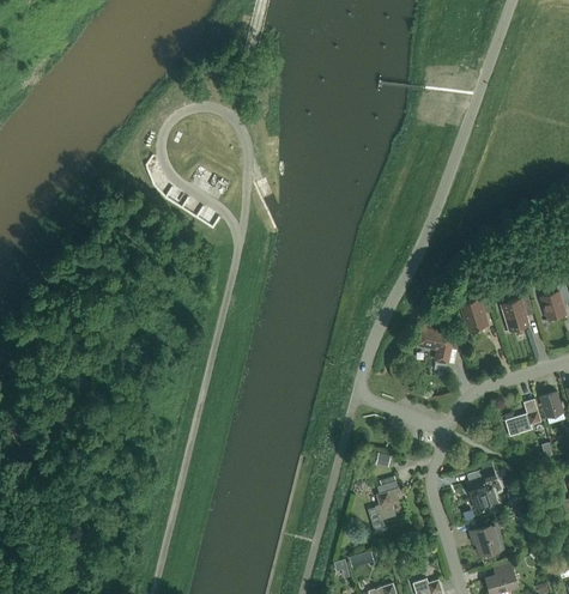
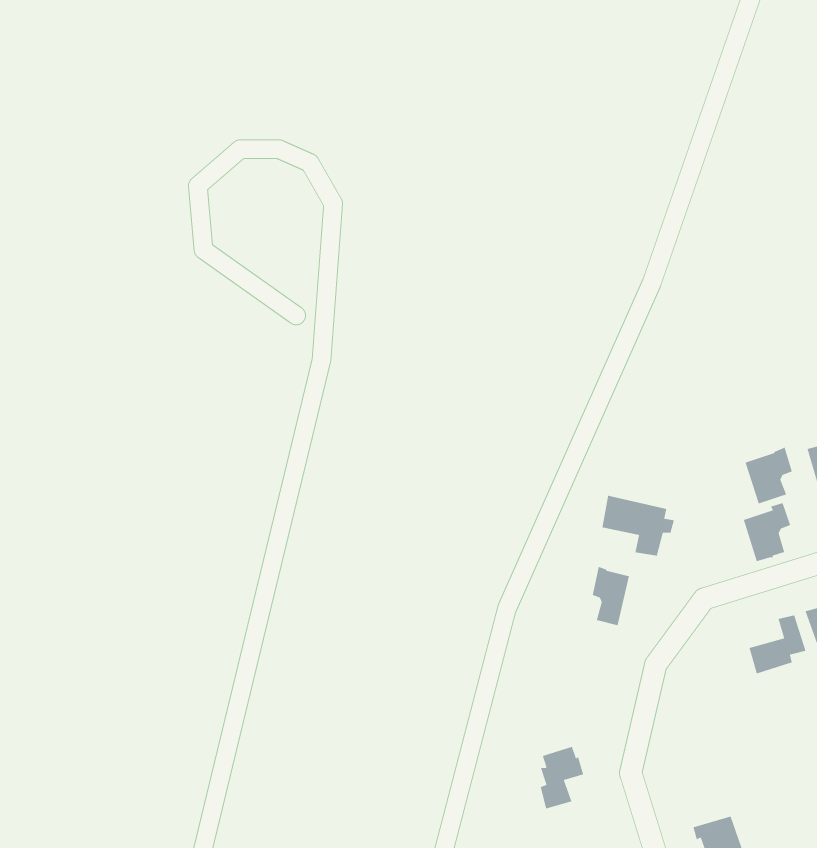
building: [460,295,490,332] -> [743,502,791,562]
building: none -> [592,566,630,626]
building: [465,465,496,511] -> none

